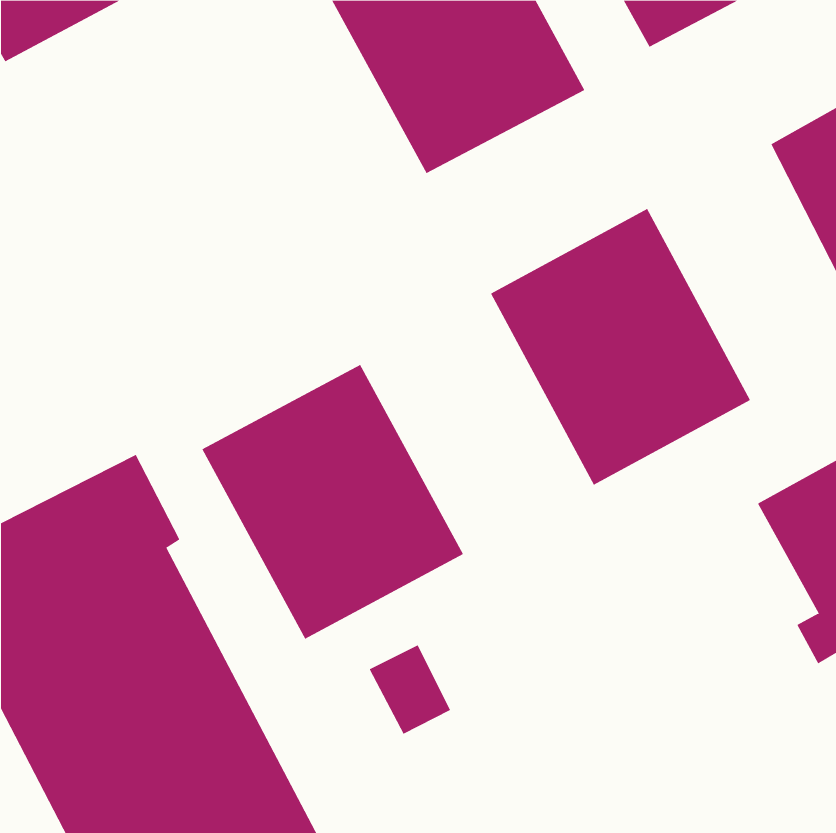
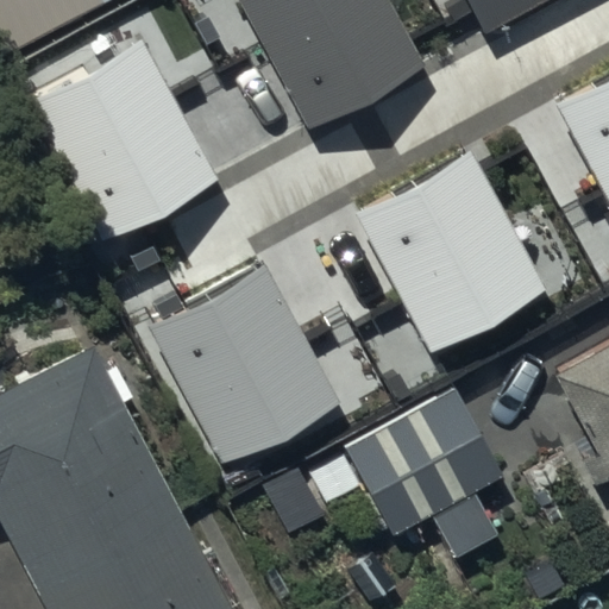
building: none -> [25,42,216,245]
building: none -> [349,391,506,539]

